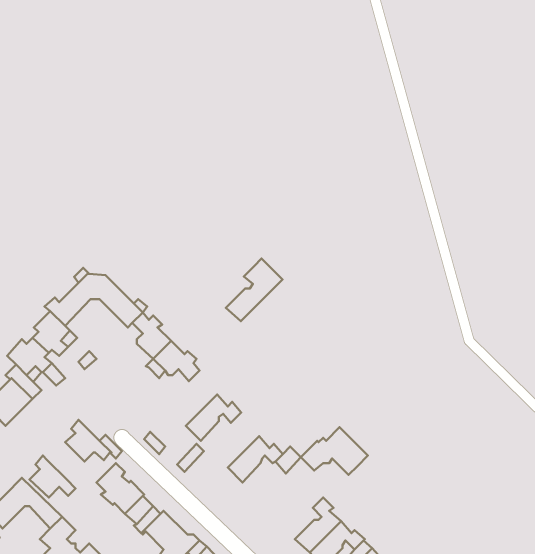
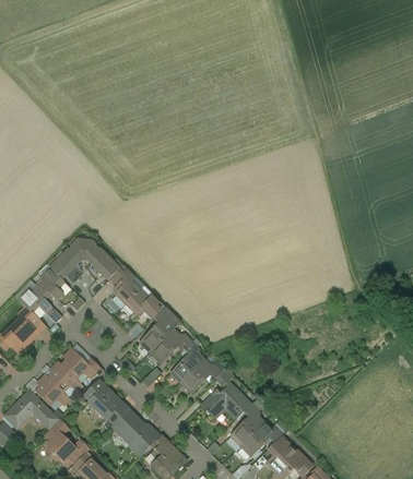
building: [226,259,282,321] -> [140,307,181,352]
building: none -> [172,343,204,383]
building: [301,427,368,475] -> [202,384,251,419]
building: none -> [49,361,83,392]

